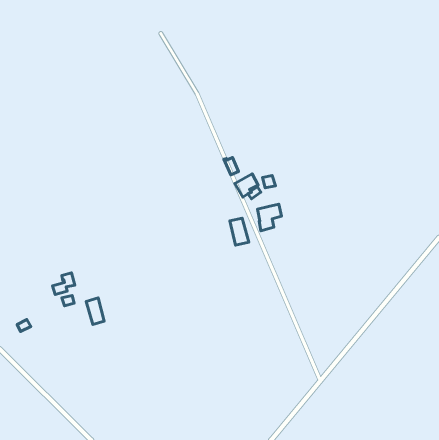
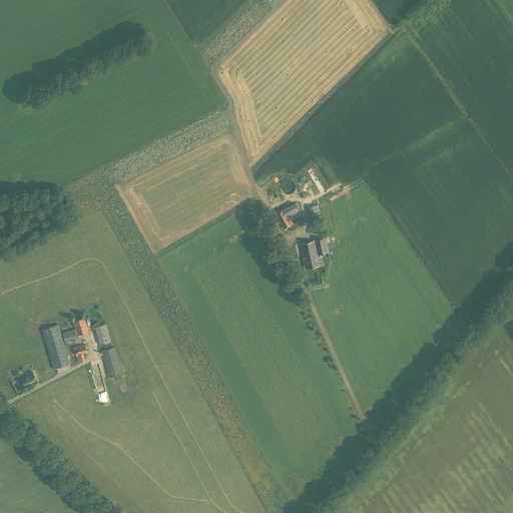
building: [230,218,249,245] -> none
building: none -> [41,325,68,369]

